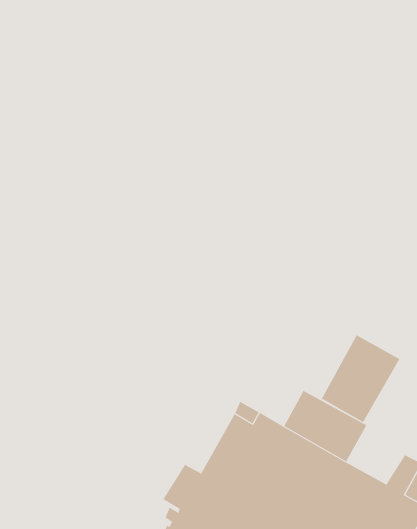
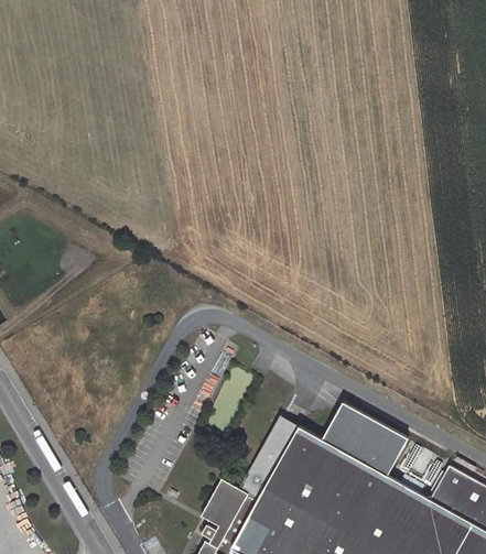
building: [321,335,400,423] -> none

